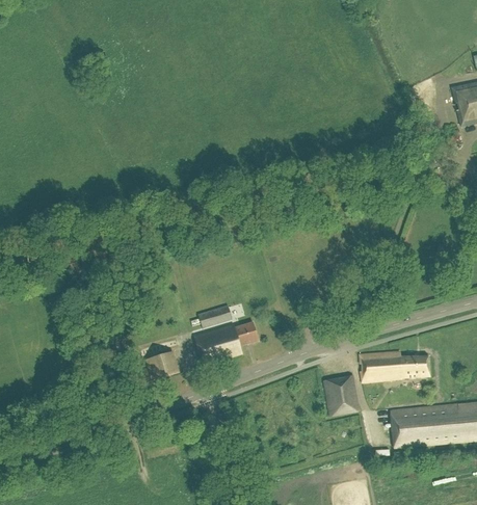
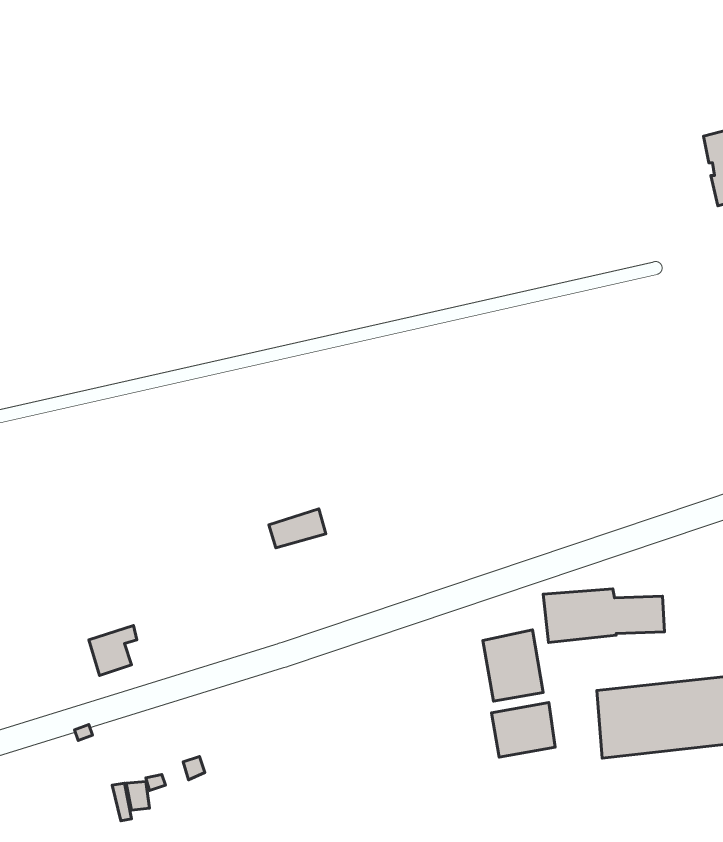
building: [195,320,259,364] -> none
building: [148,350,176,379] -> [89,626,137,676]
building: none -> [491,702,555,757]

